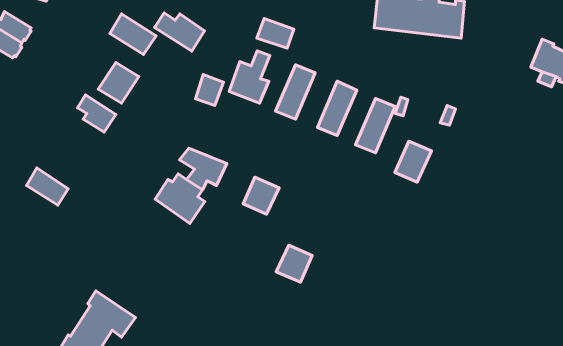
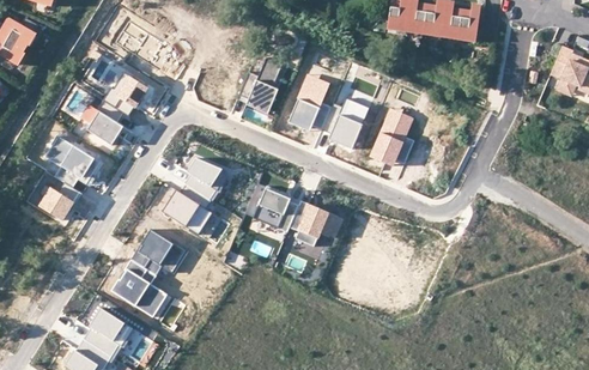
building: [154,13,205,51] -> none
building: [257,18,294,48] -> none
building: [195,75,223,106] -> none
building: none -> [47,138,91,176]
building: [395,141,431,182] -> none
building: none -> [113,229,188,314]
building: [276,245,312,282] -> [291,200,328,238]

